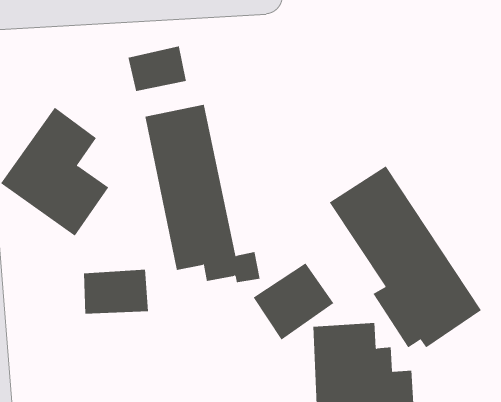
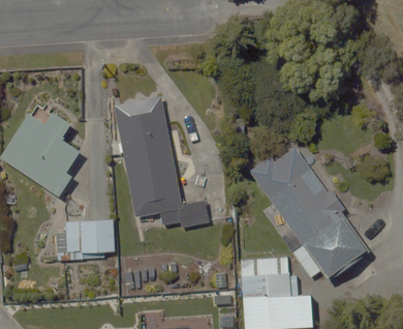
building: [128,45,187,92] -> none
building: [253,263,334,340] -> none

